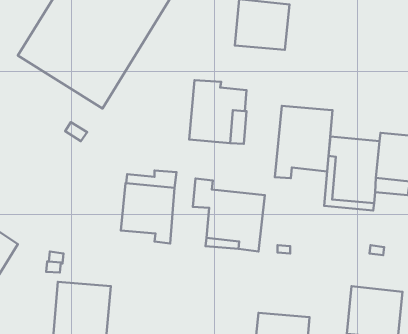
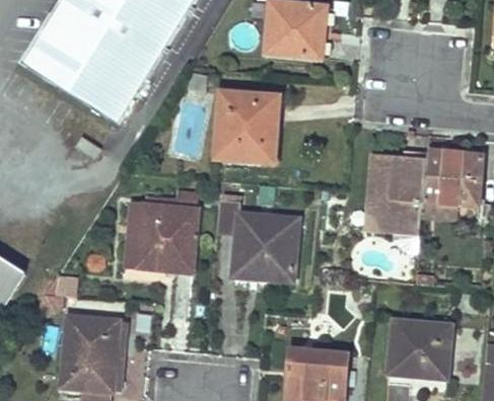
building: [275,106,332,178] -> none
building: none -> [126,205,177,270]

